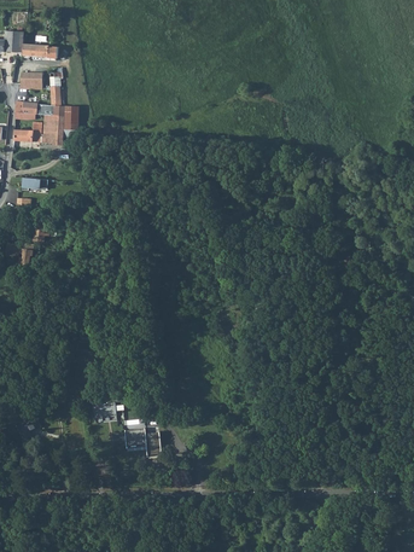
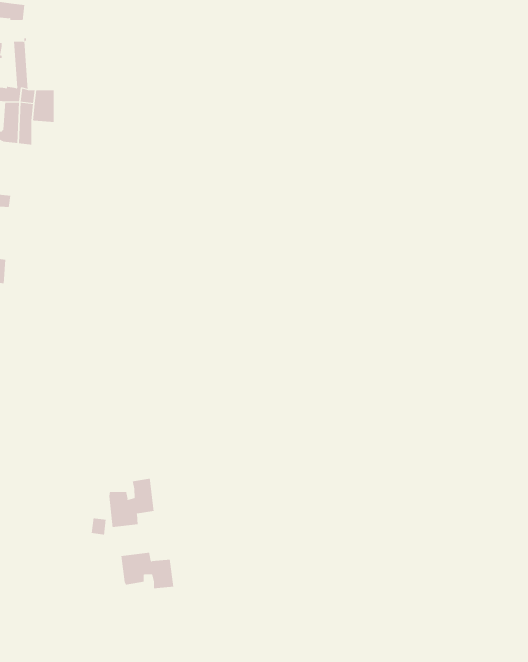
building: none -> [109,478,154,528]

